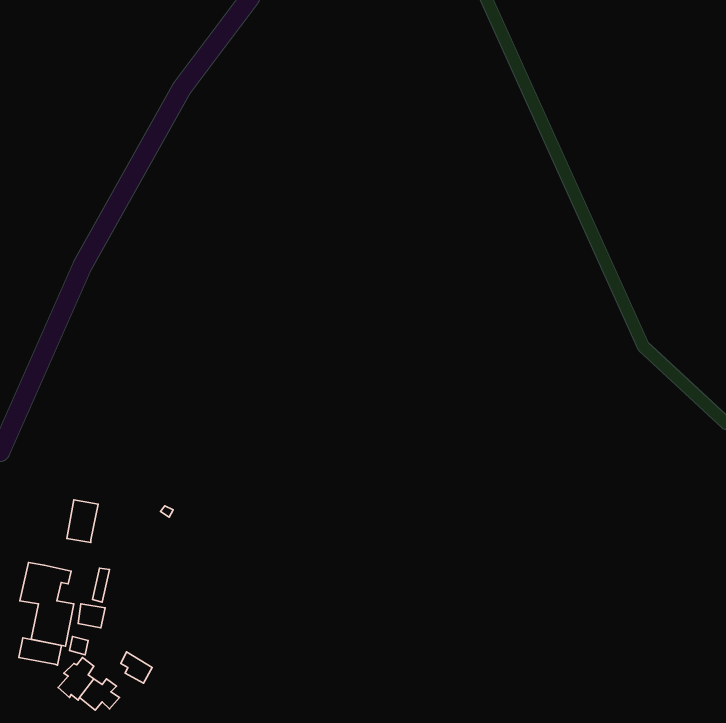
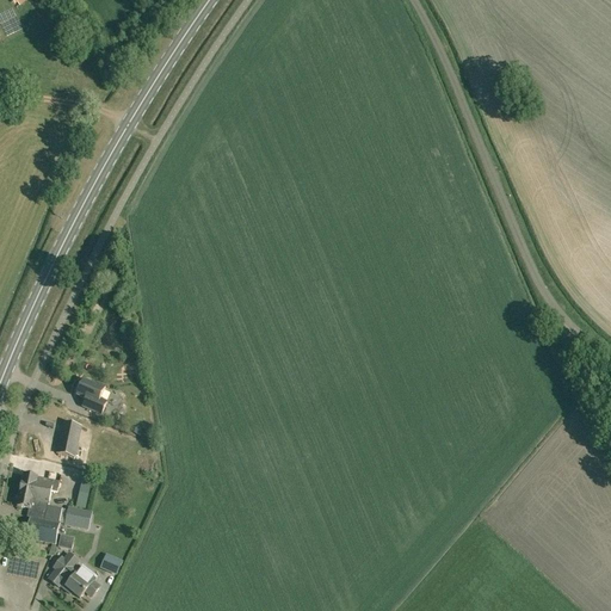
building: none -> [78,378,106,413]
building: [19,638,62,665] -> none

